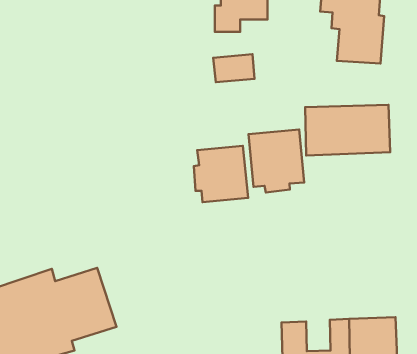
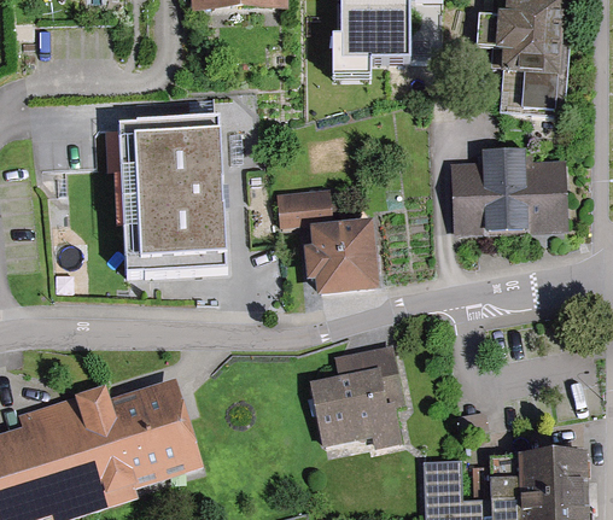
building: [213,54,254,82] -> [275,185,332,223]
building: none -> [119,116,223,270]
building: [248,130,304,193] -> none
building: none -> [317,347,414,451]

